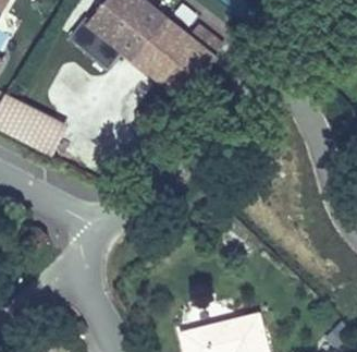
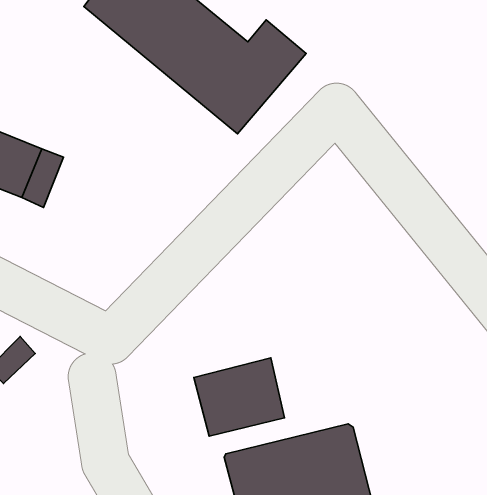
building: none -> [194,358,285,436]

